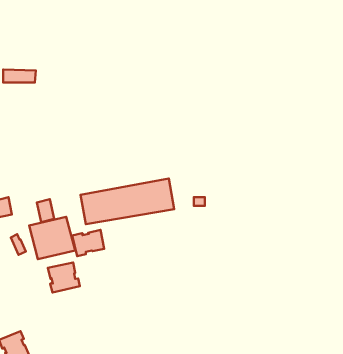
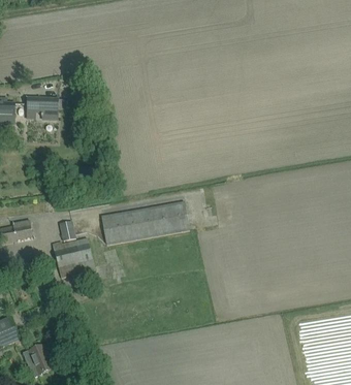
building: [72,230,104,256] -> none
building: [48,263,80,293] -> none

